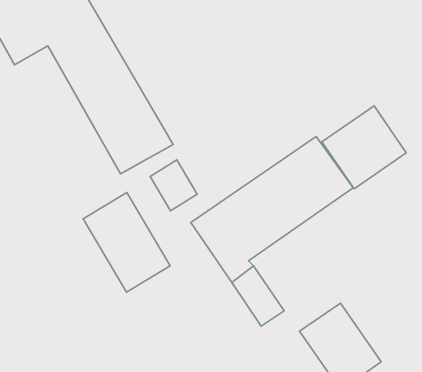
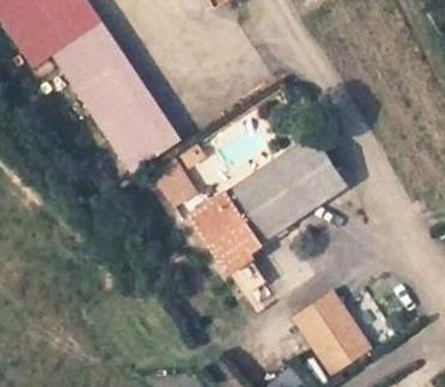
building: [322,106,406,189] -> none
building: [83,192,170,292] -> none

